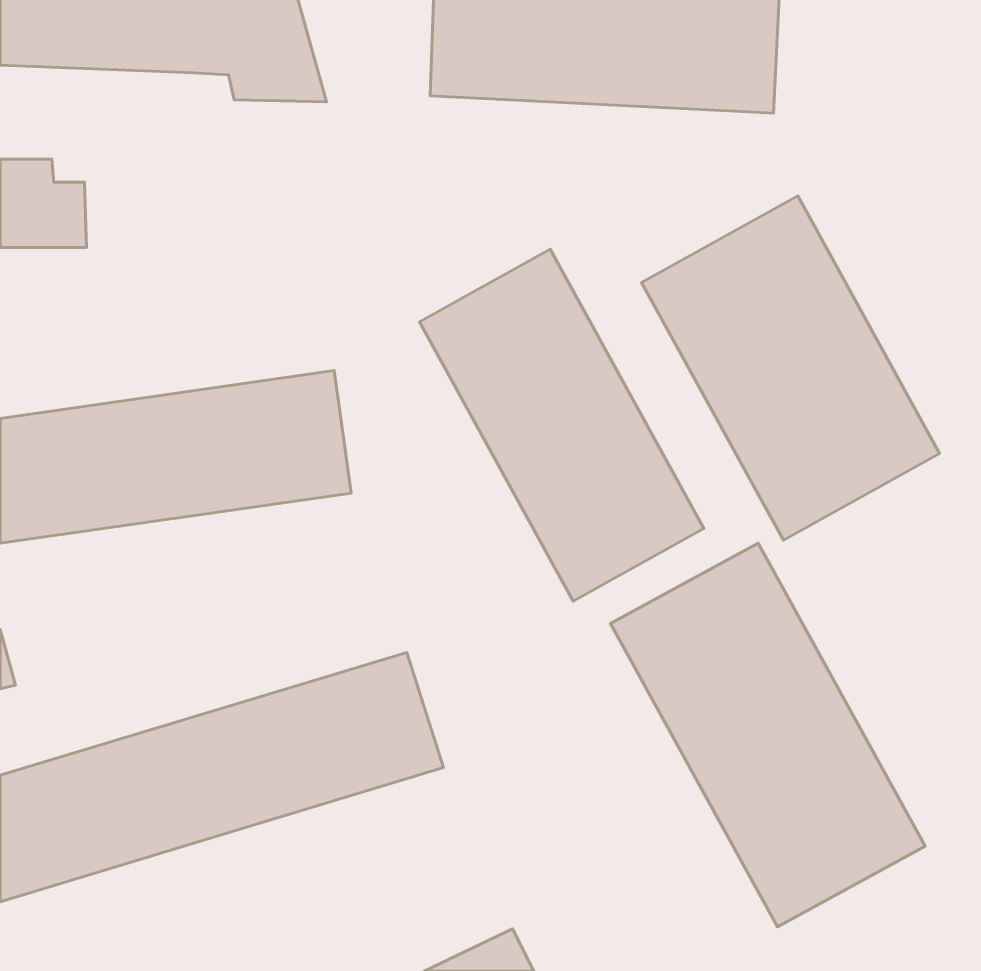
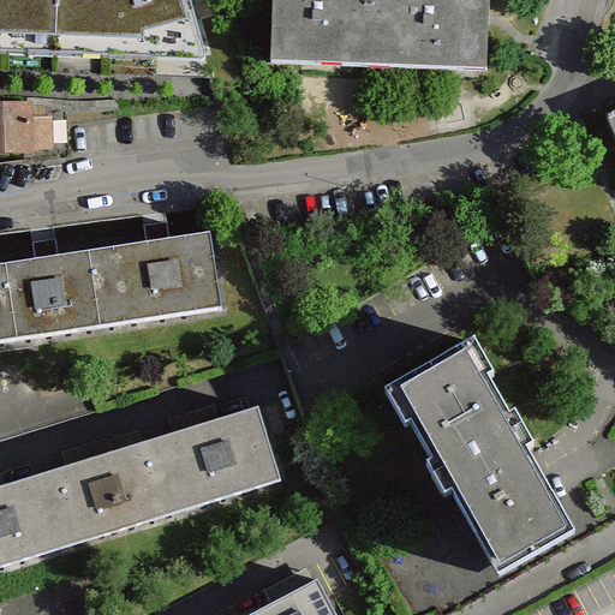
building: [642,196,940,540] -> none
building: [419,249,704,601] -> none

